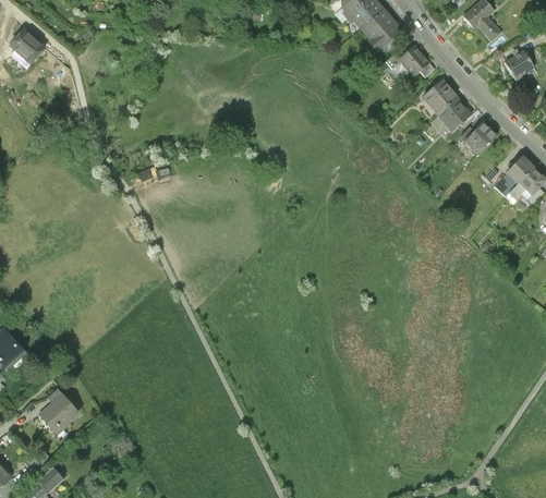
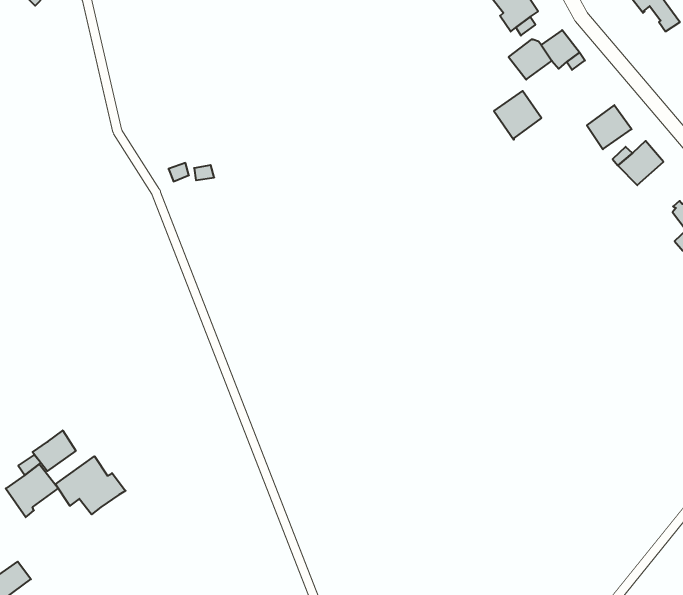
building: [422,80,457,116] -> [494,91,541,140]
building: none -> [33,430,76,471]
building: none -> [56,456,126,514]

